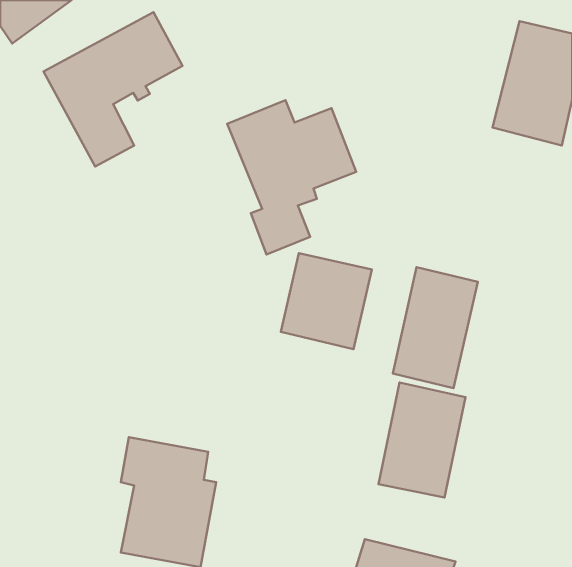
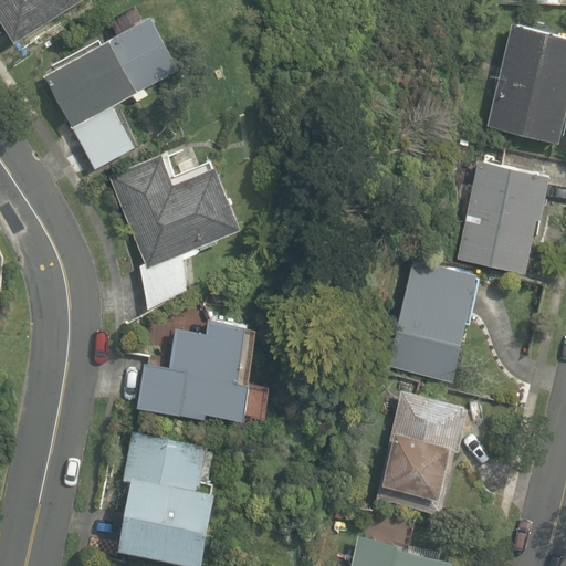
building: [227,100,356,255] -> [115,157,242,310]
building: none -> [459,163,545,273]
building: [281,253,372,349] -> none
building: none -> [133,326,249,409]

